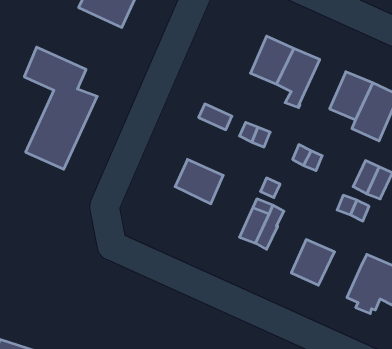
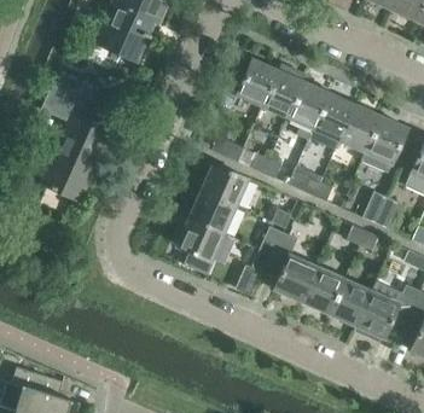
building: none -> [222,58,279,106]
building: none -> [310,93,356,150]
building: none -> [202,163,250,206]
building: none -> [176,217,225,275]
building: none -> [274,256,318,302]
building: none -> [330,281,372,326]

